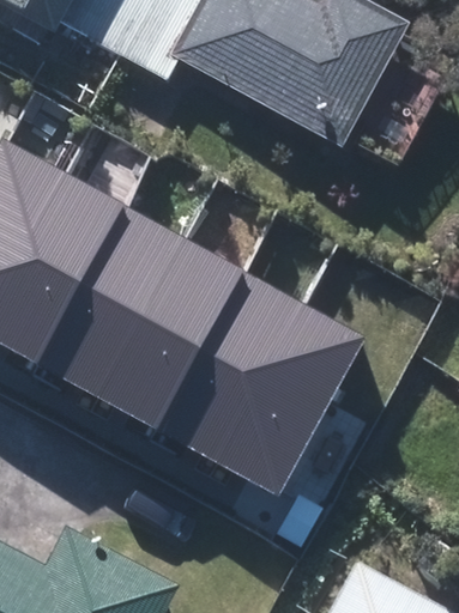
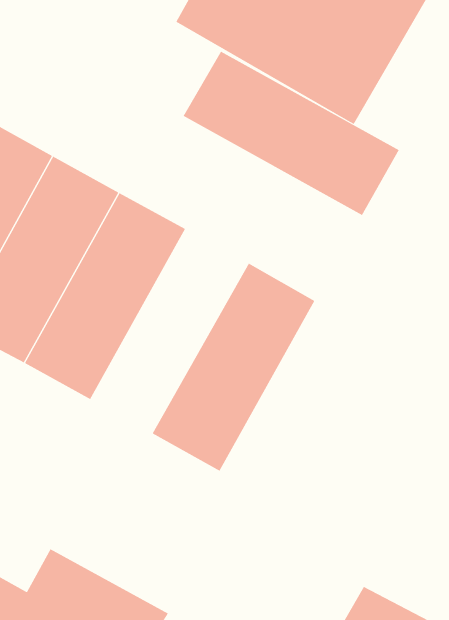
building: none -> [183,51,400,216]
building: [99,241,244,429] -> none
building: [218,306,367,496] -> none

